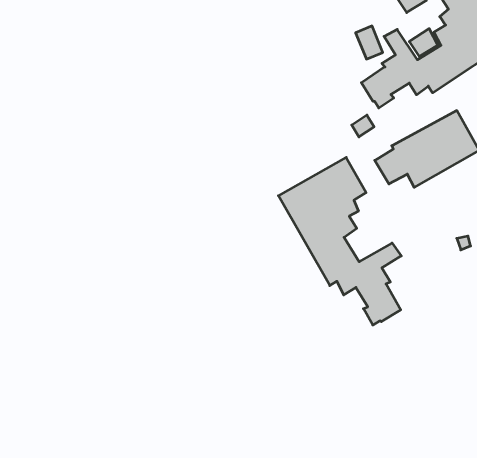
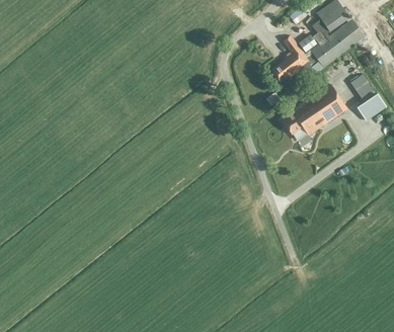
building: [278,157,401,325] -> none

